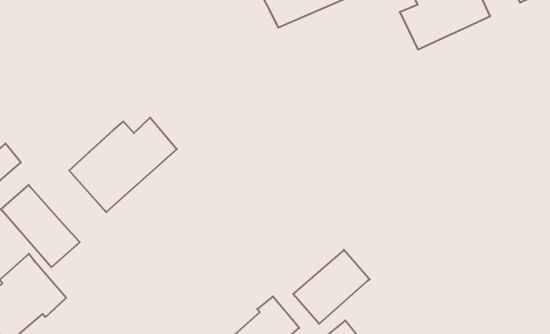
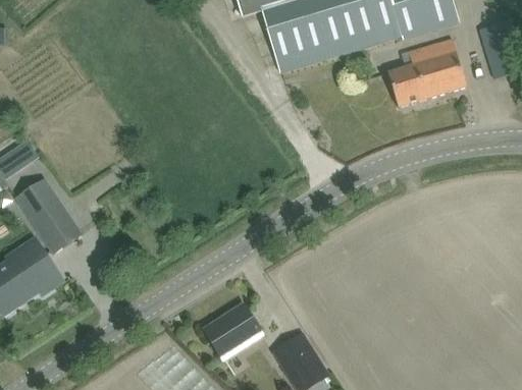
building: [69,117,177,212] -> none
building: [293,250,370,324] -> none

